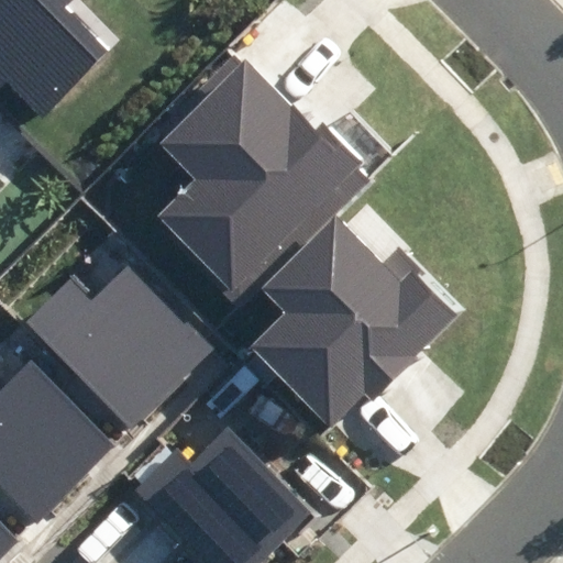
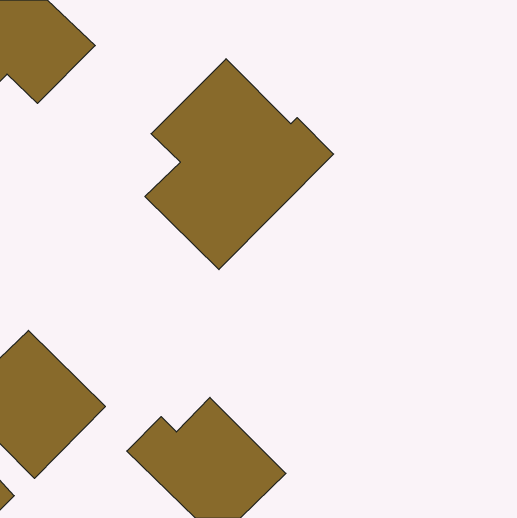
building: [252,218,454,424] -> none
building: [29,265,212,427] -> none

